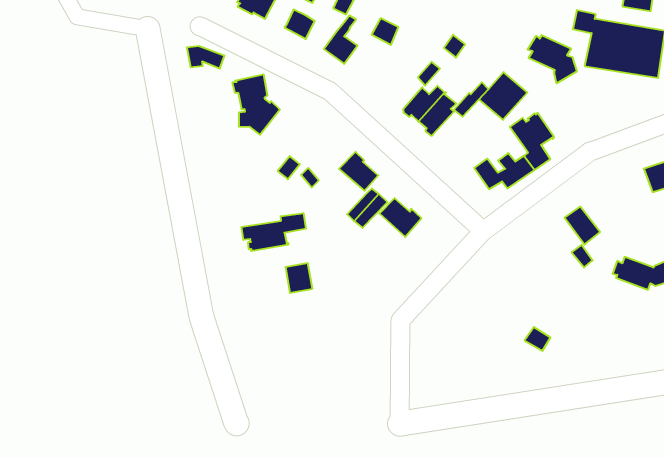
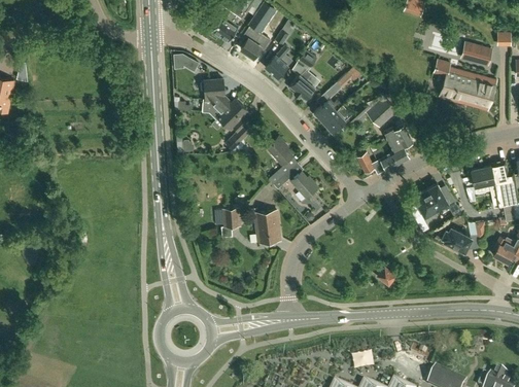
building: [528,35,577,83] -> none
building: none -> [288,69,315,101]
building: none -> [218,100,248,133]
building: none -> [425,184,457,211]
building: [242,213,306,251] -> none
building: none -> [255,211,280,244]

